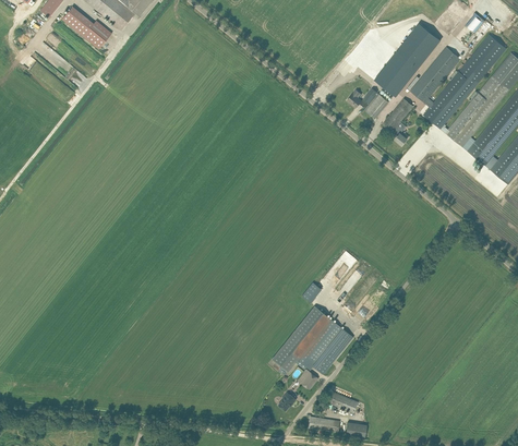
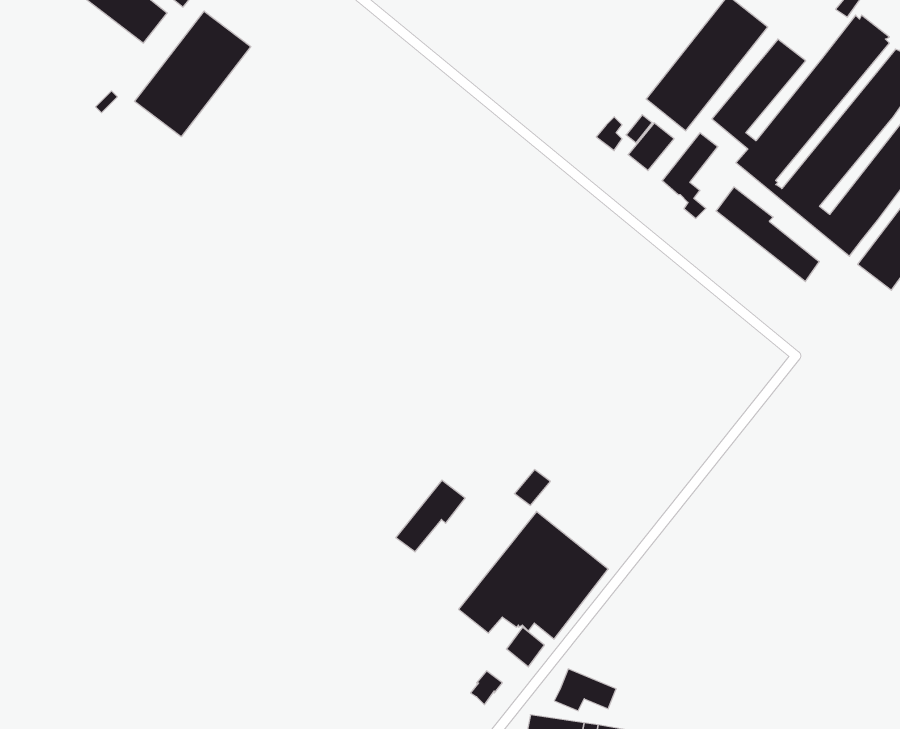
building: none -> [135,11,251,137]
building: none -> [716,187,819,282]
building: none -> [396,480,465,552]

